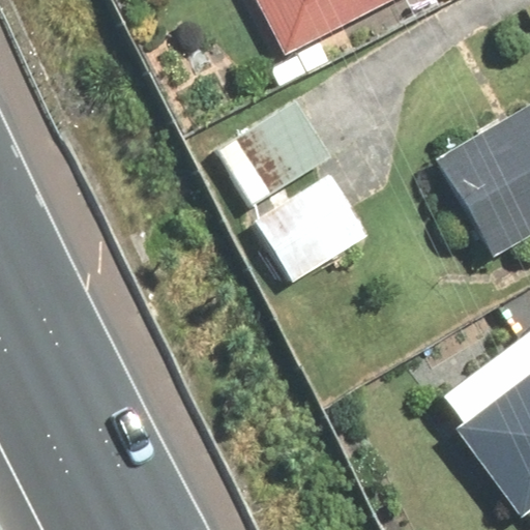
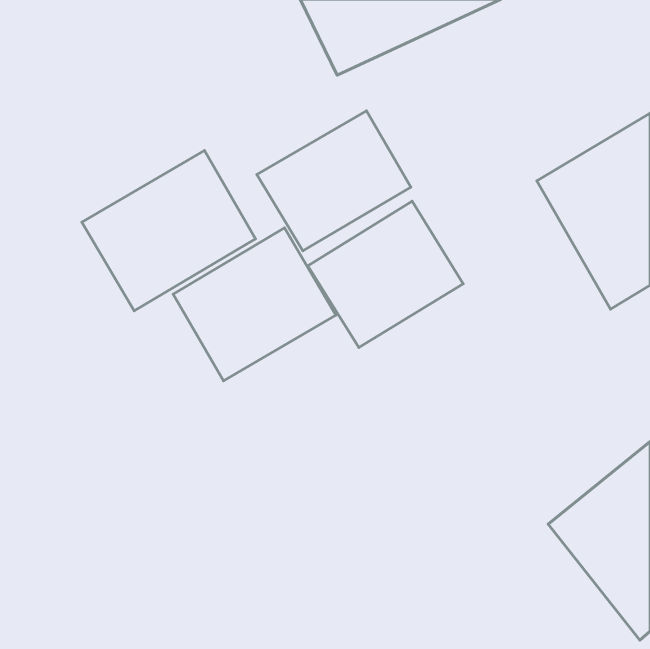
building: none -> [82,151,256,311]
building: none -> [173,228,336,381]

